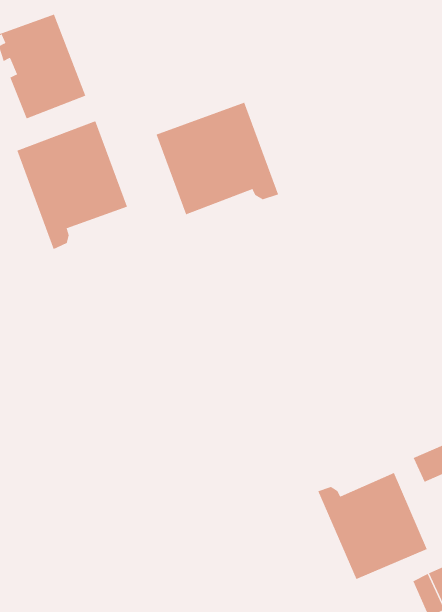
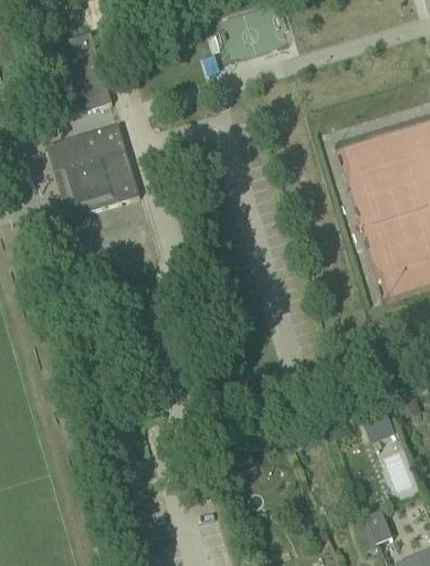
building: [156,102,279,215] -> none
building: [318,472,428,580] -> none

